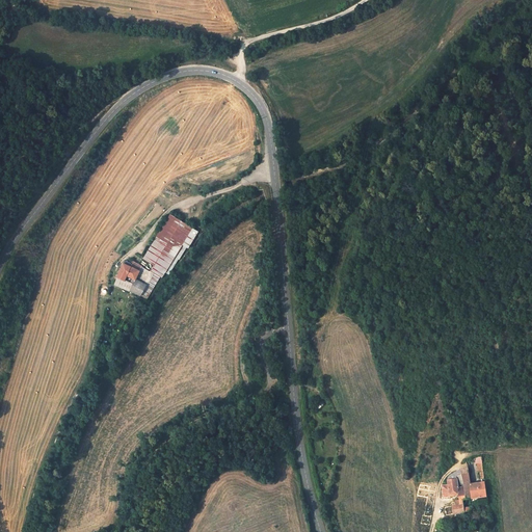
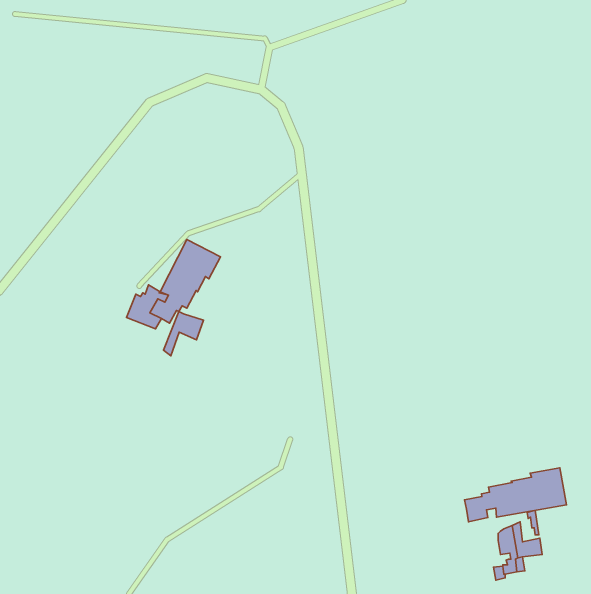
building: none -> [163,312,204,356]
building: none -> [465,468,567,522]

